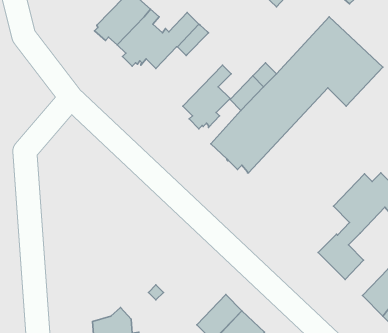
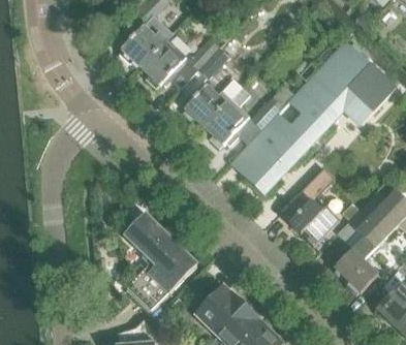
building: none -> [184,80,243,126]
building: none -> [283,168,340,247]
building: none -> [126,215,197,311]
building: none -> [196,286,246,336]

